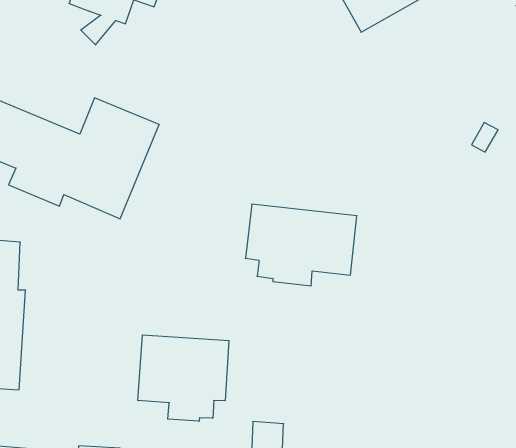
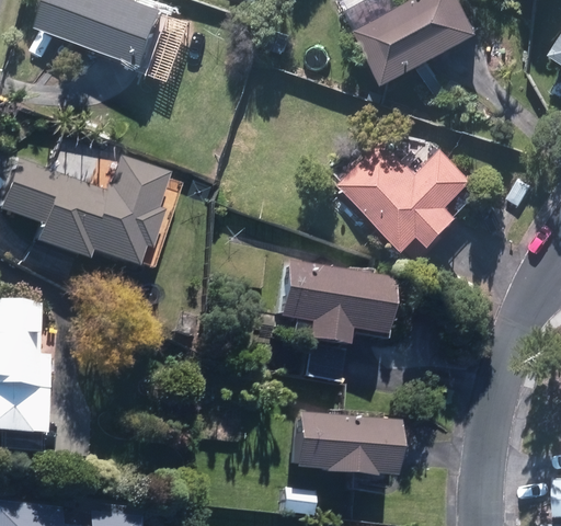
building: none -> [337,128,478,249]
building: [138,335,229,421] -> none
building: none -> [287,411,388,478]

